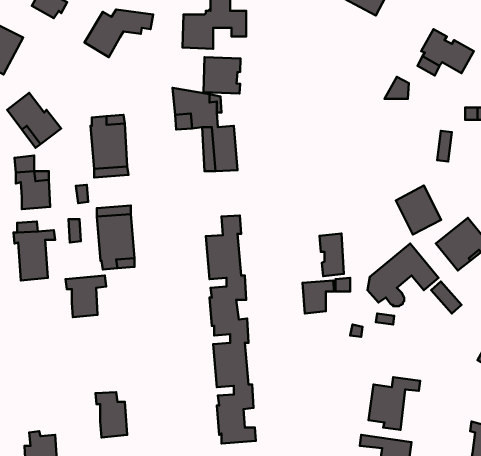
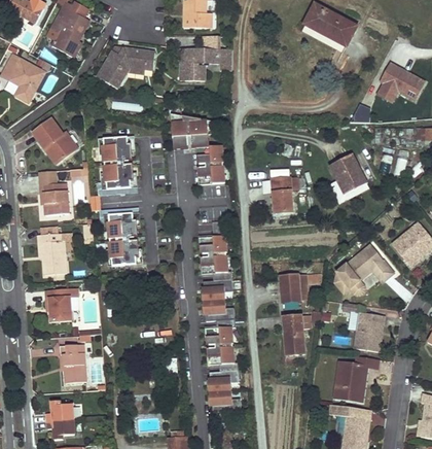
building: [203,57,241,93] -> none
building: [396,186,441,235] -> [329,153,367,195]
building: [319,233,344,276] -> [272,178,292,214]
building: [66,276,106,317] -> [44,288,78,323]
building: none -> [355,312,385,352]
building: none -> [284,316,308,356]
building: [95,392,127,437] -> [59,345,85,383]

